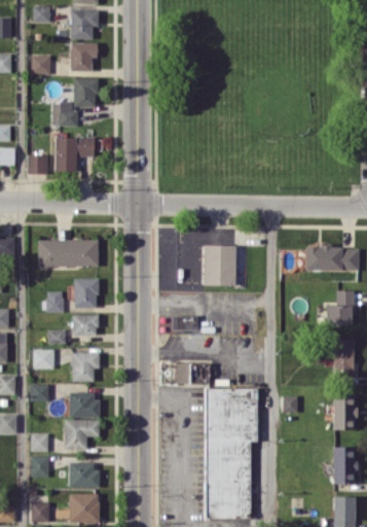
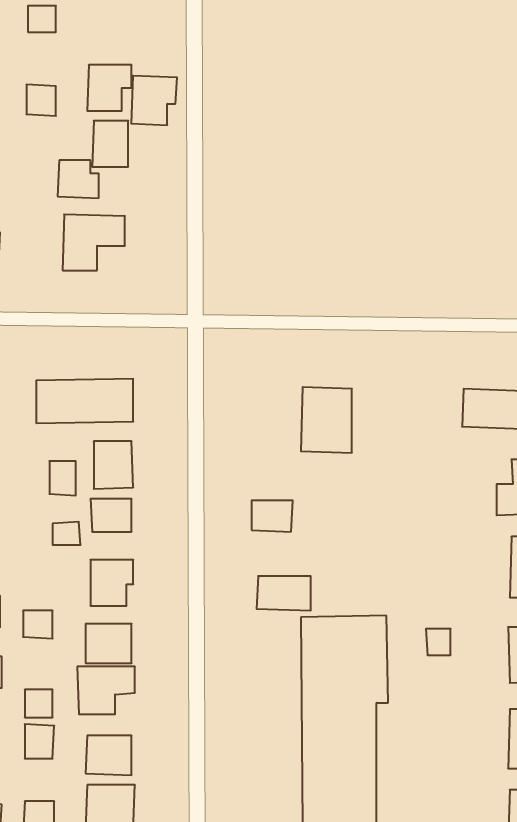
building: [70,9,99,40] -> [131,76,177,125]
building: [27,154,47,174] -> none
building: [34,349,54,368] -> none

